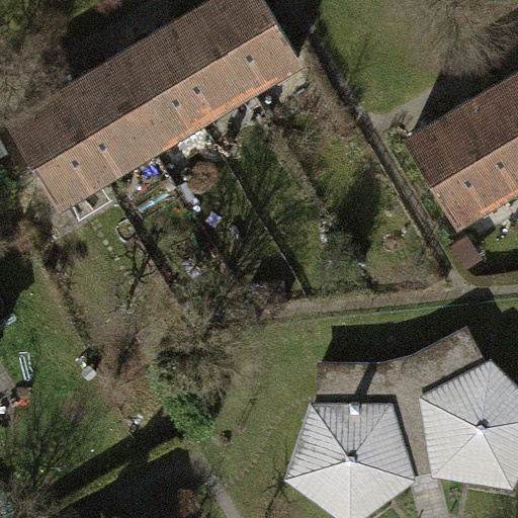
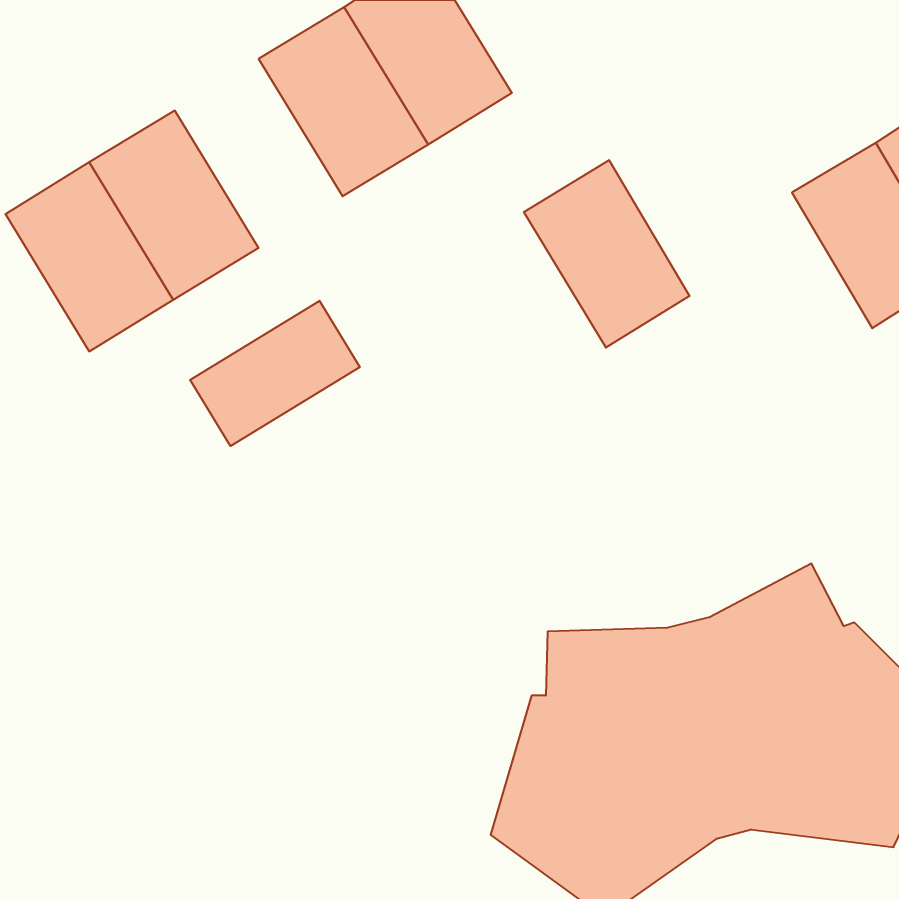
building: [106,40,201,148] -> none
building: [408,116,502,223] -> [524,160,690,348]
building: none -> [190,301,360,446]

